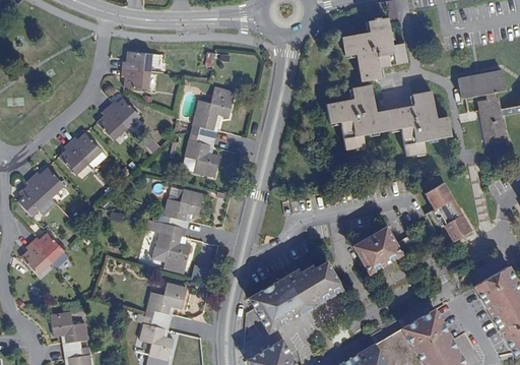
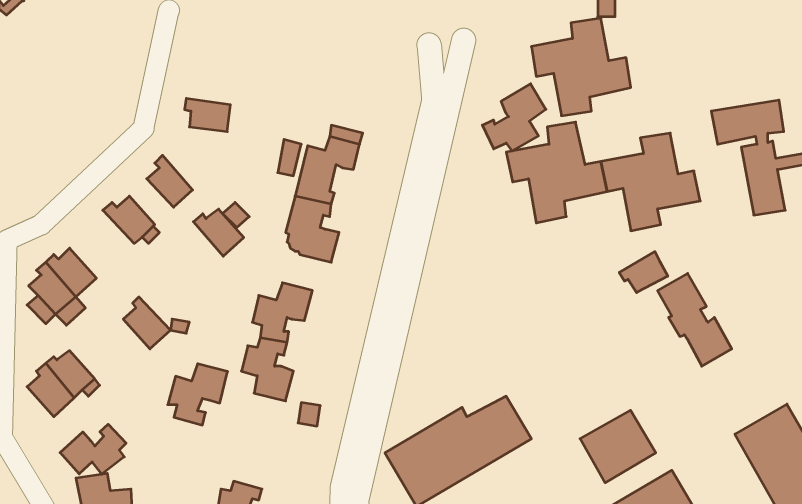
building: [121,52,160,74] -> none
building: none -> [482,84,546,151]
building: [106,98,138,128] -> [193,209,244,256]
building: [57,141,87,175] -> [123,297,170,349]
building: none -> [619,252,668,293]
building: [353,227,402,273] -> [580,410,656,483]
building: none -> [60,424,126,474]
building: [147,282,186,321] -> [168,364,228,425]

